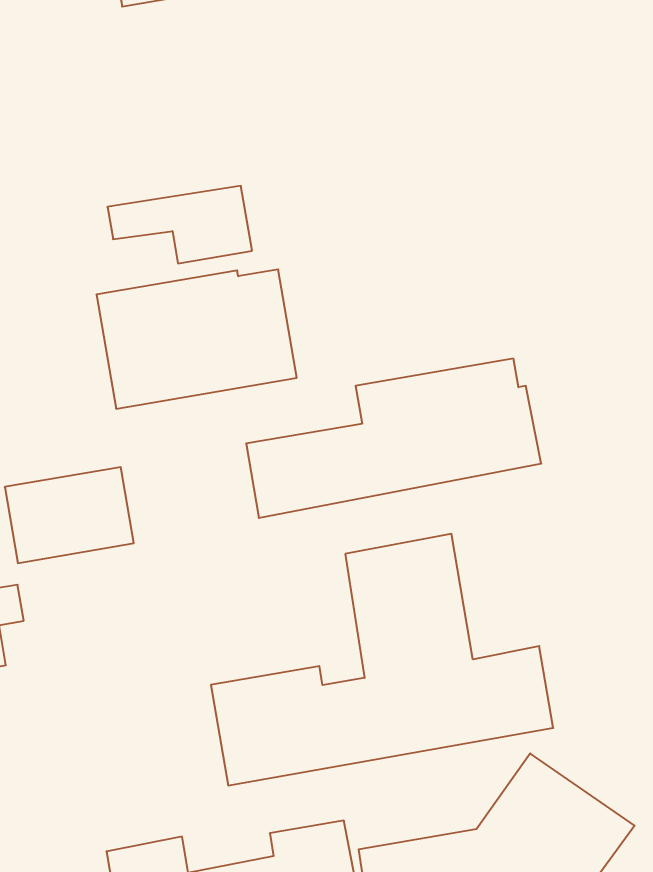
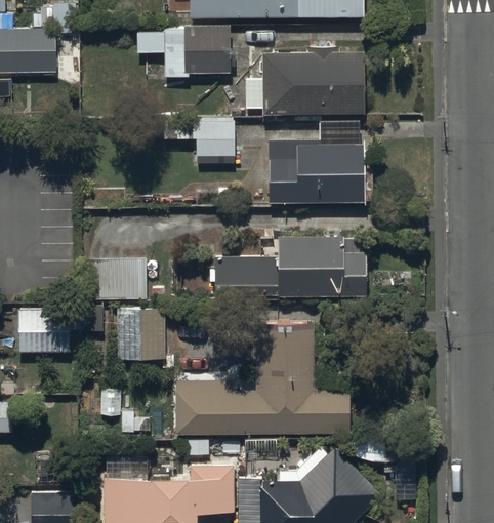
building: none -> [136,26,230,77]
building: none -> [260,47,364,113]
building: [96,269,297,409] -> [267,142,365,203]
building: none -> [117,310,165,359]

